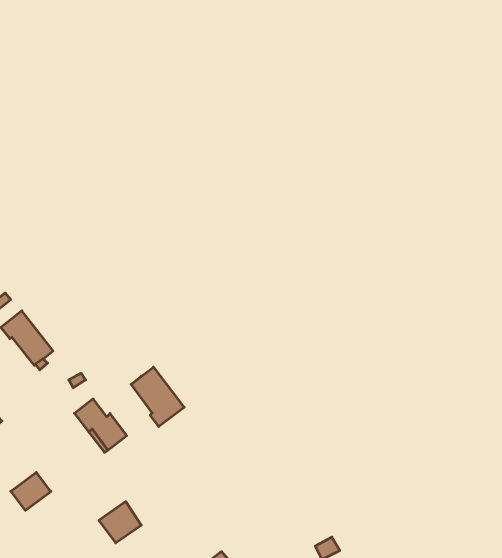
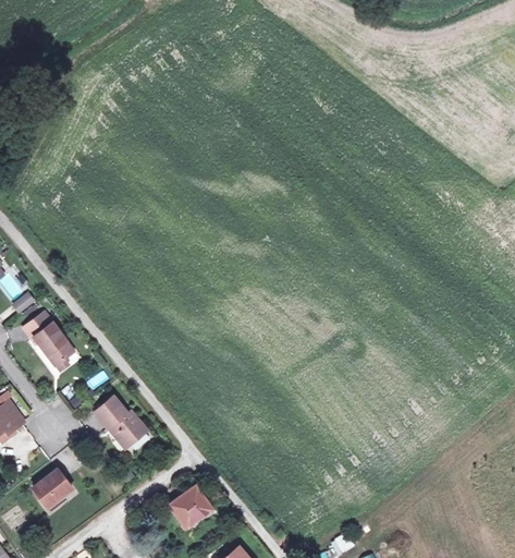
building: [131,367,184,427] -> none
building: [99,502,141,543] -> [170,486,211,526]

